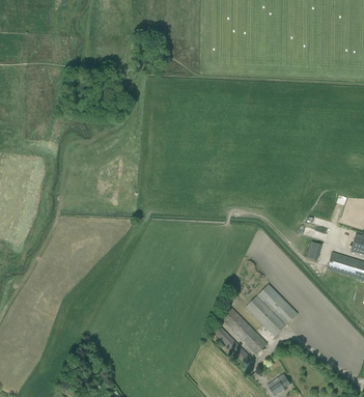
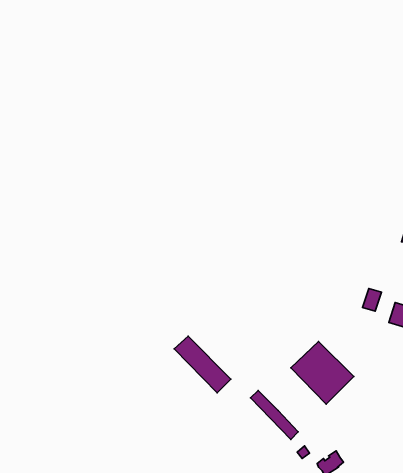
building: [221,308,268,355] -> [174,336,231,393]

